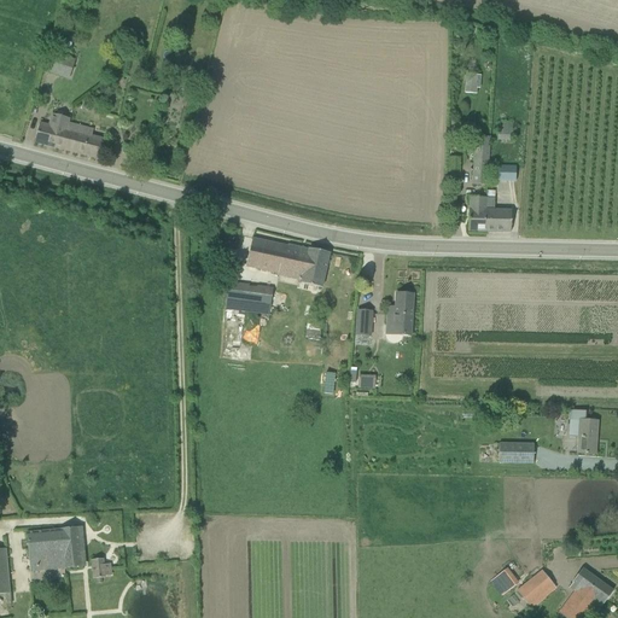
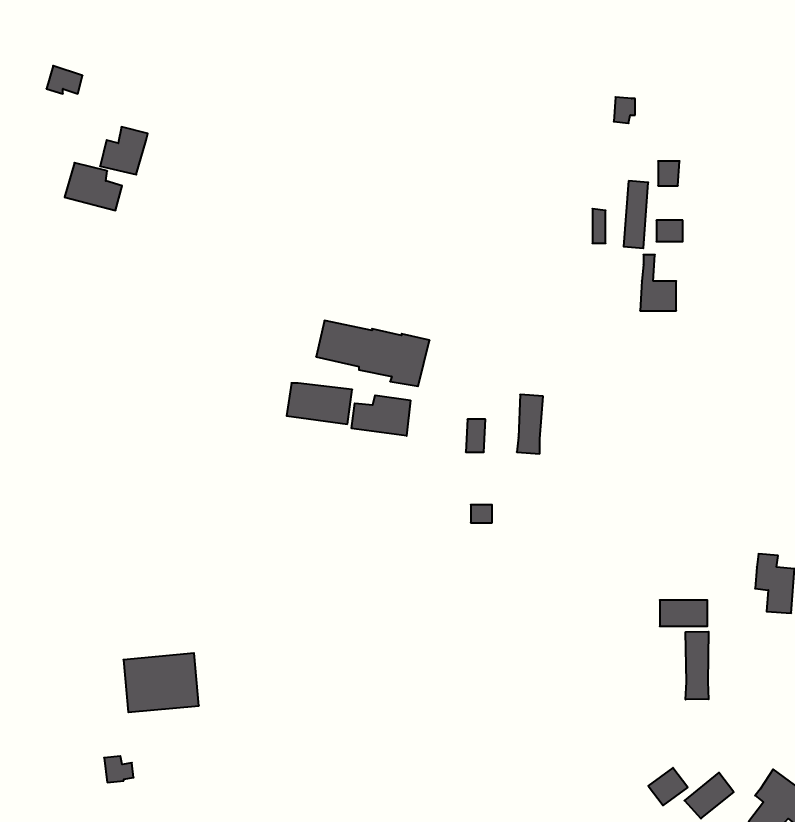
building: [35,111,70,146] -> [100,127,148,175]
building: [468,194,486,229] -> none
building: none -> [352,395,410,436]
building: none -> [686,632,709,700]
building: [27,525,82,569] -> [123,653,199,712]

